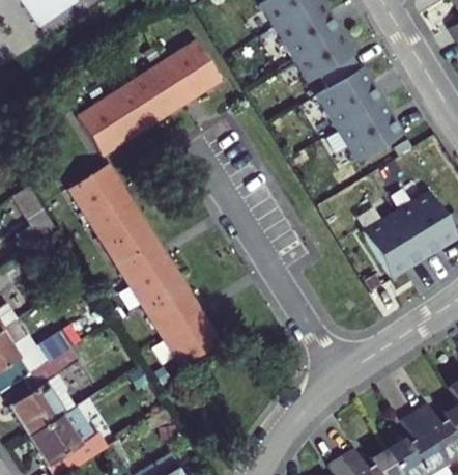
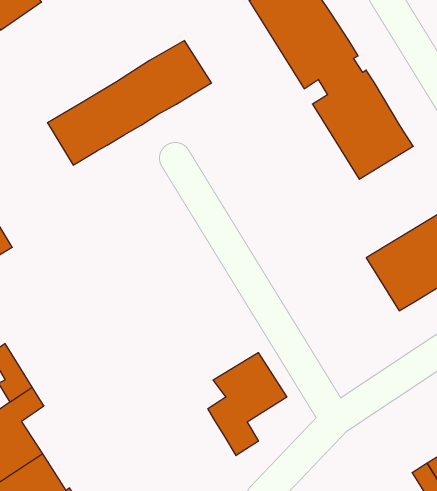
building: [71,159,219,362] -> none
building: none -> [208,353,287,456]

